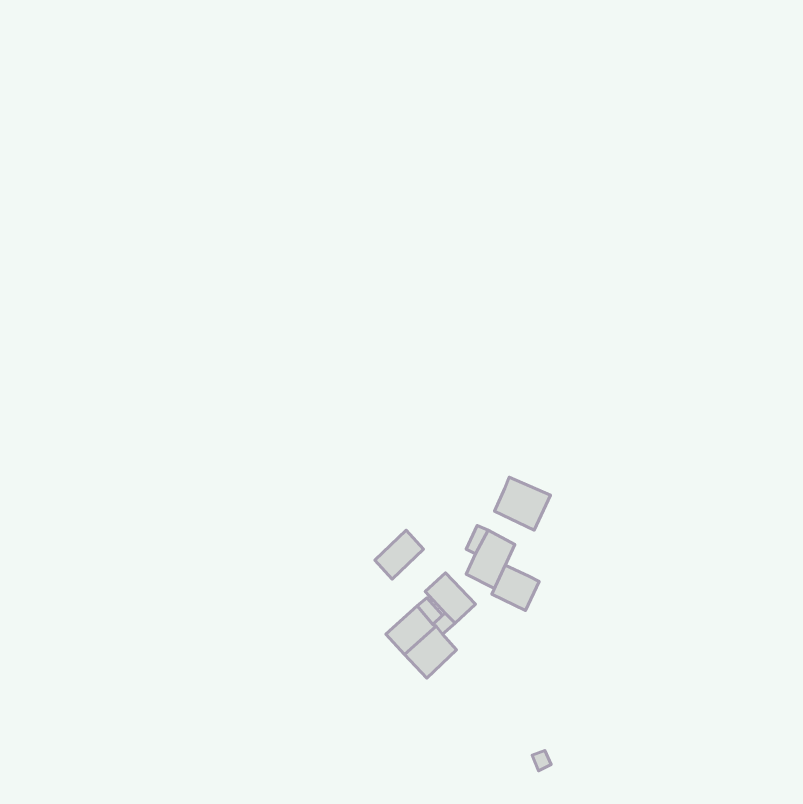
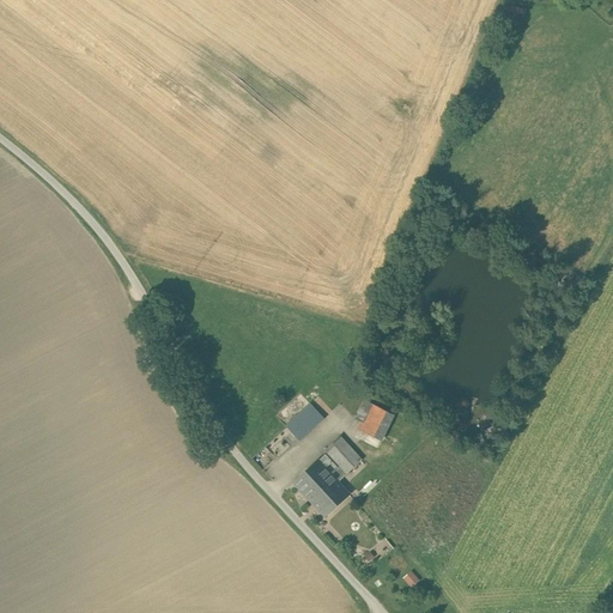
building: [494,477,550,530] -> none
building: [492,565,539,611] -> none

